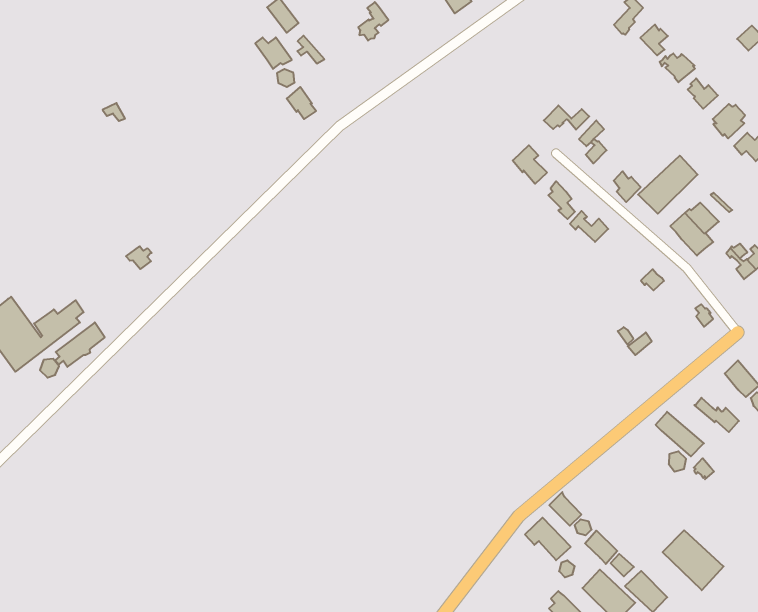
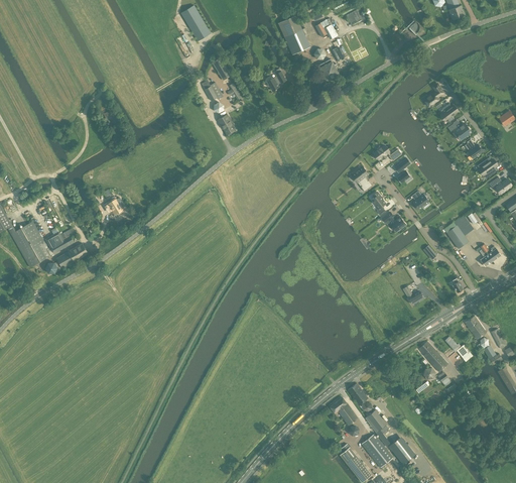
building: [638,156,698,214] -> none
building: [663,530,724,590] -> none

